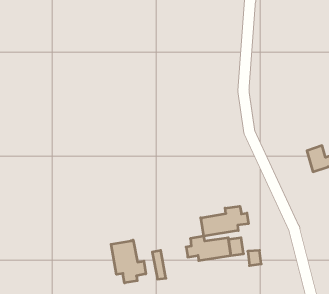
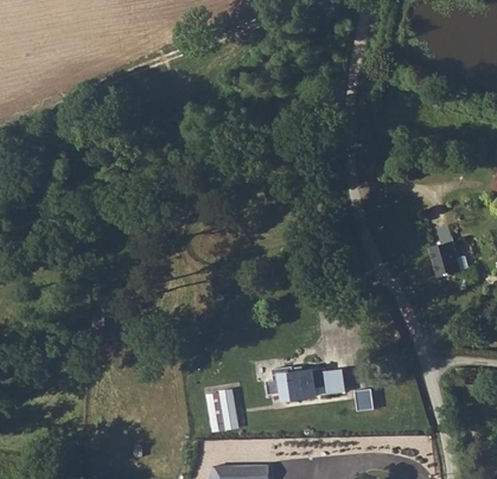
building: [201,206,248,236] -> none
building: [111,240,146,283] -> none

